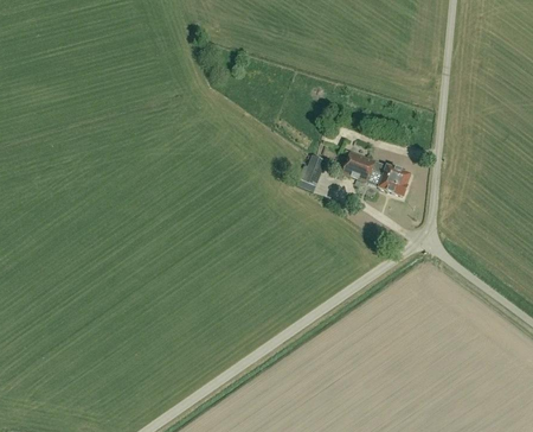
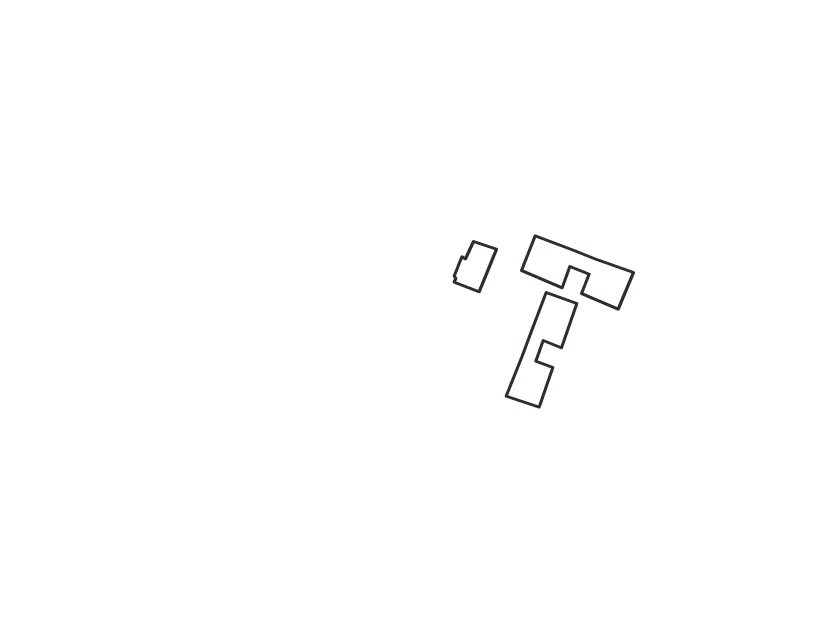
building: none -> [506,292,577,407]

